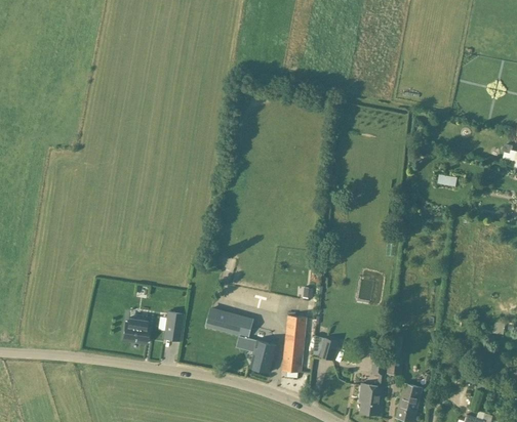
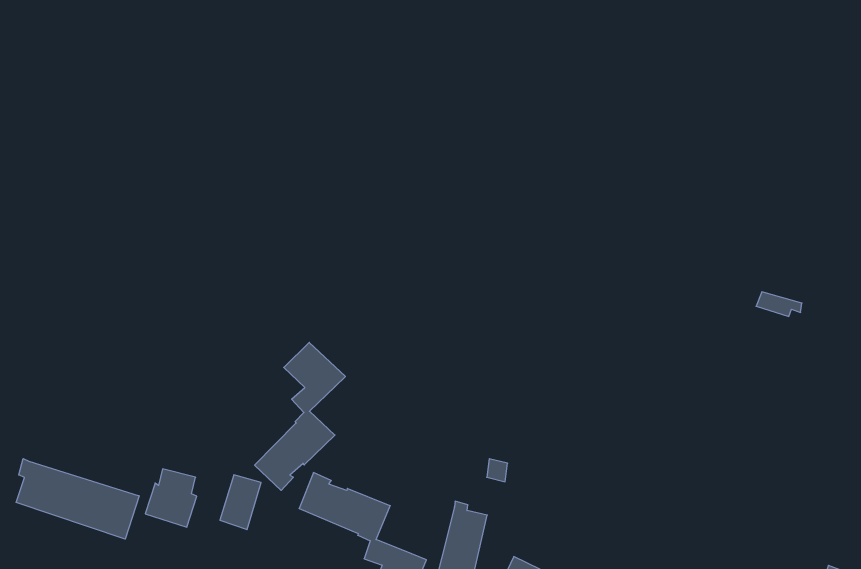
building: none -> [255,342,345,490]
building: none -> [16,459,139,539]

